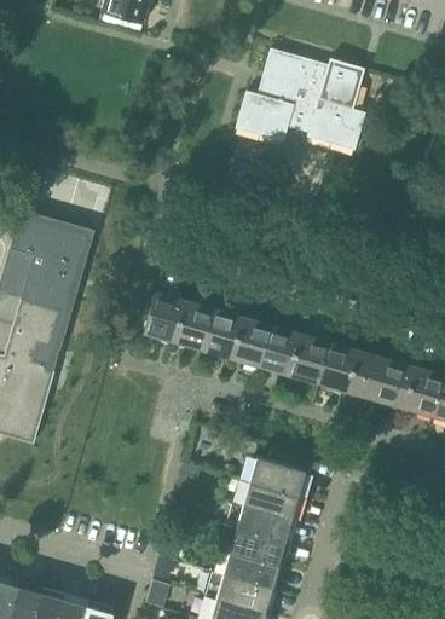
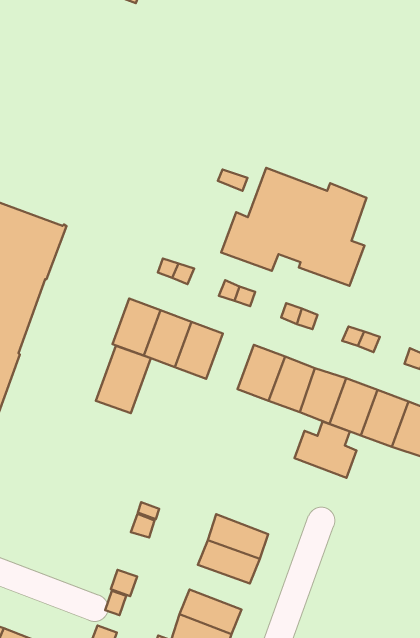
building: [236,50,365,151] -> [221,168,367,286]
building: [231,318,272,368] -> none
building: none -> [96,346,151,413]
building: [249,447,305,497] -> [295,421,357,478]
building: [230,530,284,567] -> none

